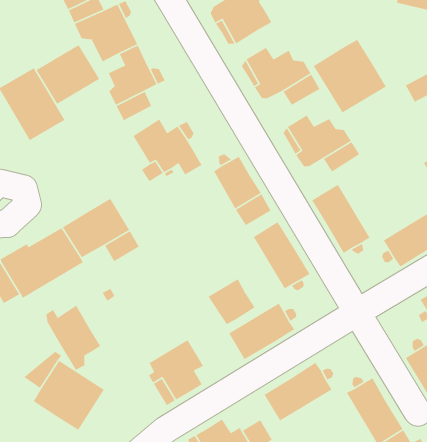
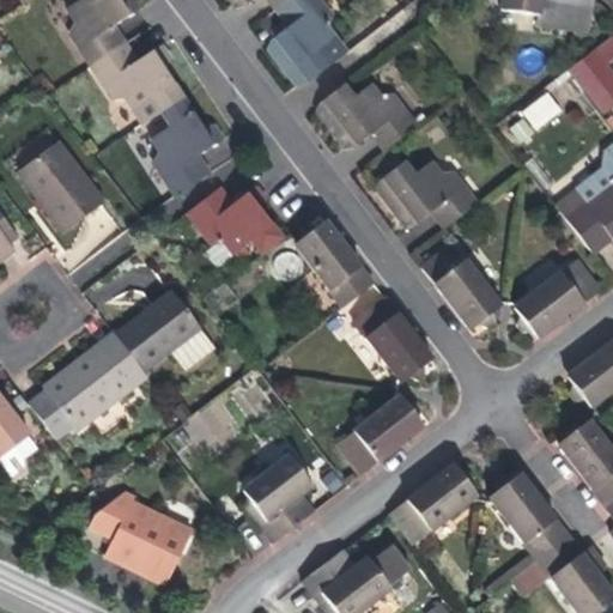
building: [313,39,387,113] -> none
building: [36,44,100,105] -> none
building: [208,278,256,325] -> none
building: [46,304,101,371] -> none

